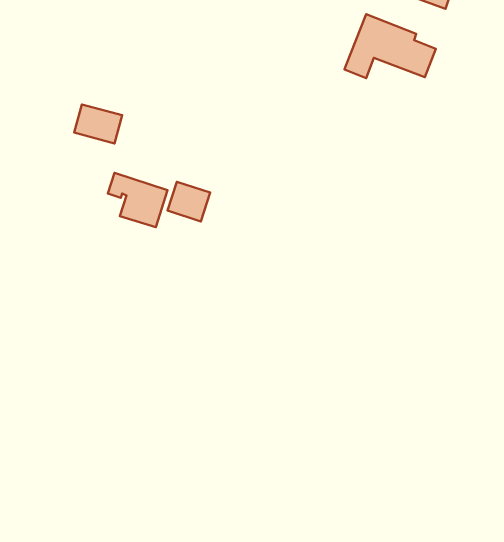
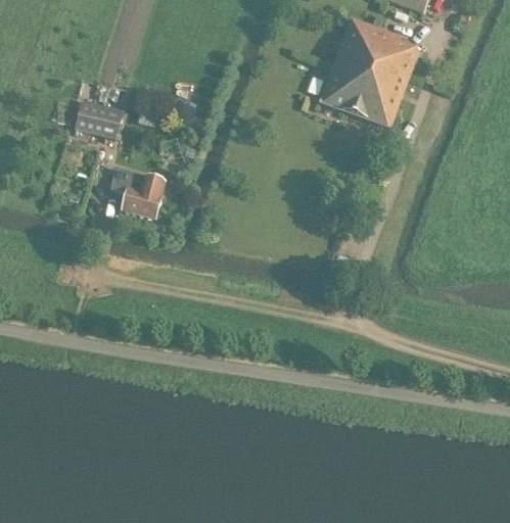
building: none -> [319,58,407,127]
building: [167,182,210,221] -> none

